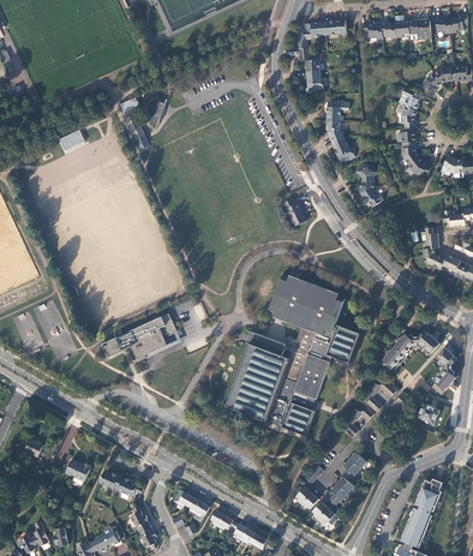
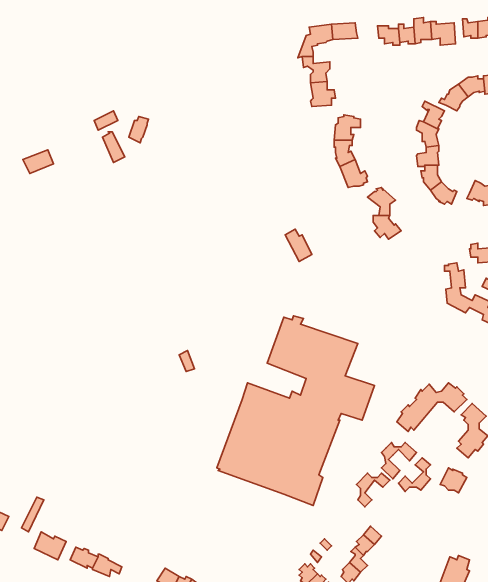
building: [103,313,176,359] -> none

